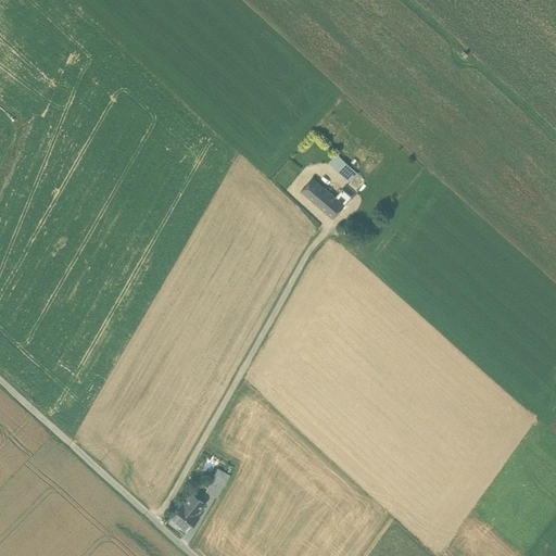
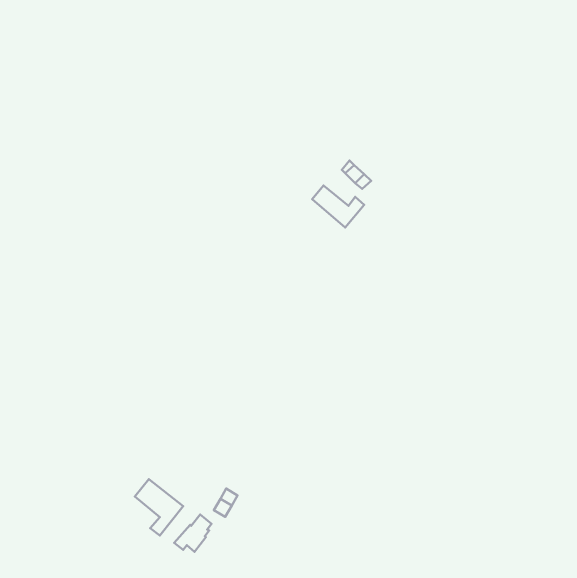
building: none -> [135,479,183,535]

